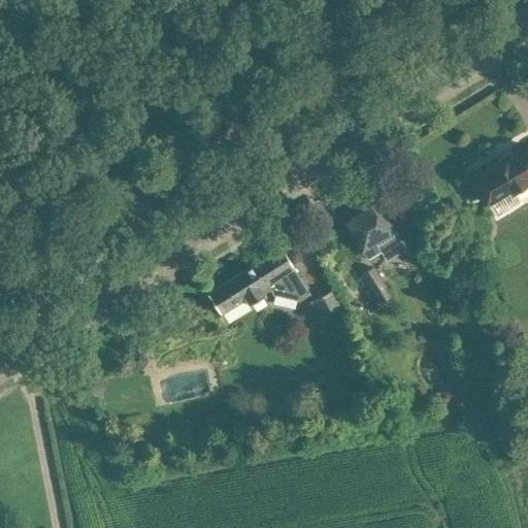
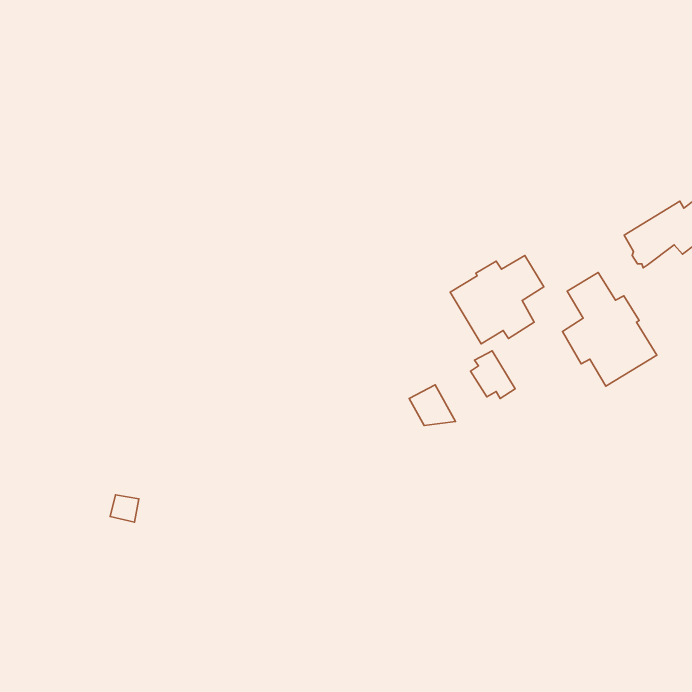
building: none -> [562,272,657,386]
building: [208,250,311,319] -> none

